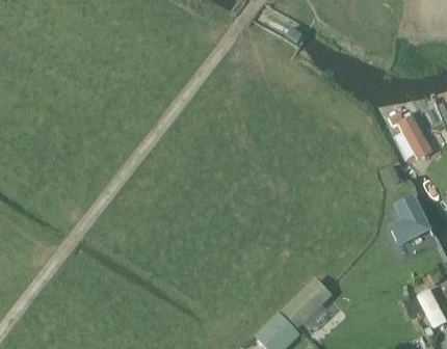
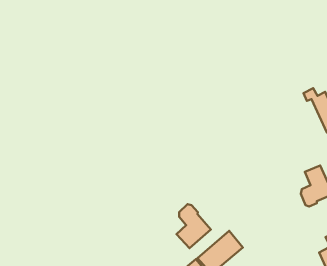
building: none -> [177,204,211,248]

